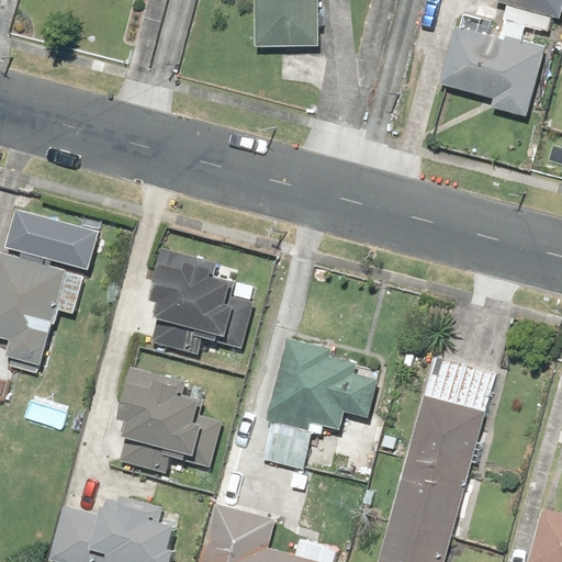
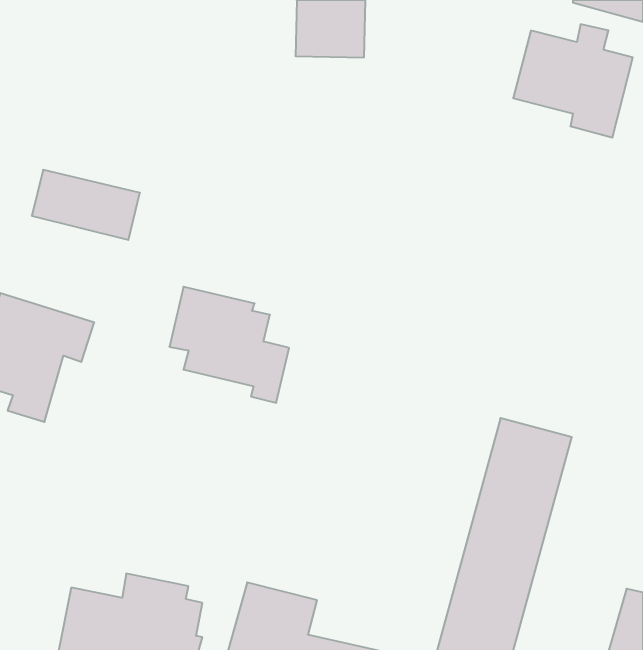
building: [5,210,99,270] -> [32,170,140,240]
building: [260,336,379,469] -> none
building: [120,368,220,469] -> none

